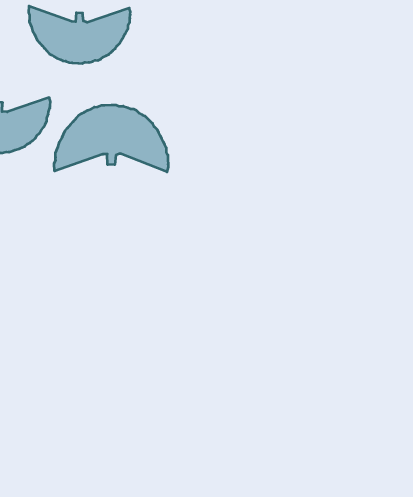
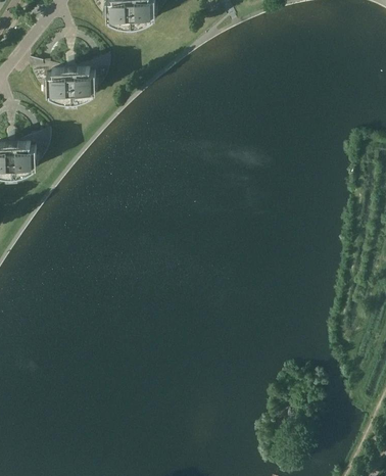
building: [54,105,168,172] -> none

